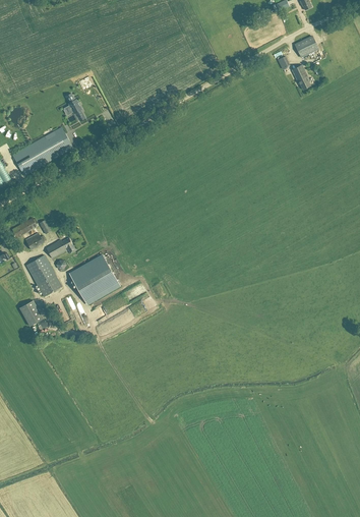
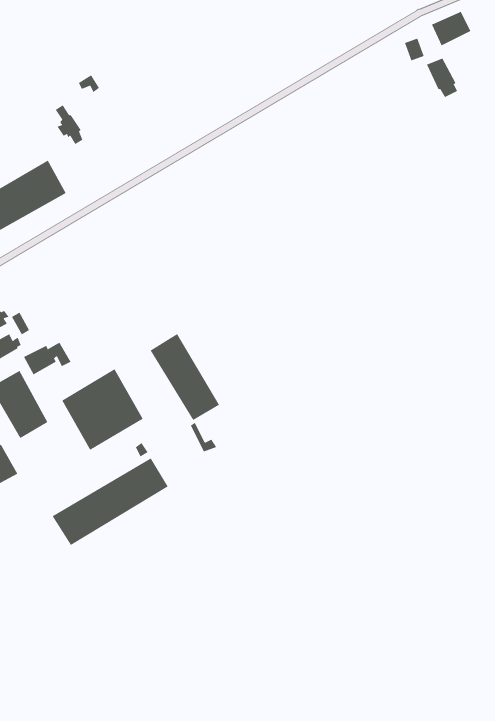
building: none -> [150,333,220,421]
building: none -> [52,458,168,546]

